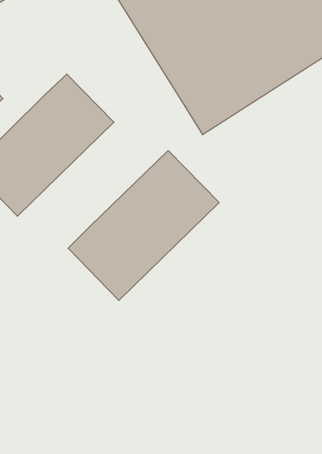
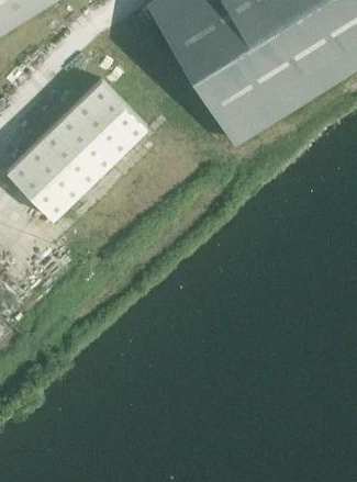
building: [68,151,219,300] -> none

